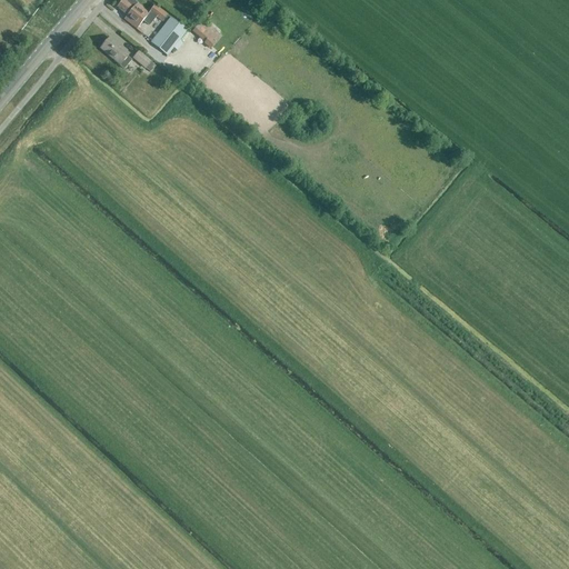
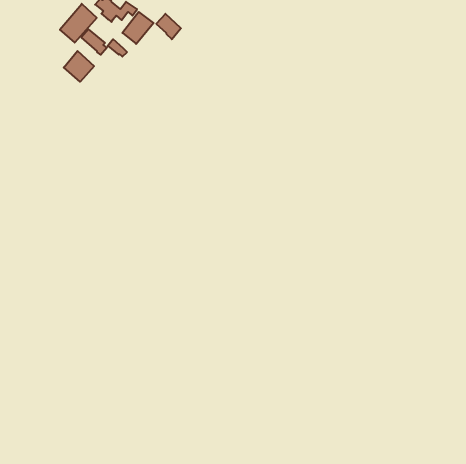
building: none -> [60,4,97,43]
building: none -> [64,51,94,82]

